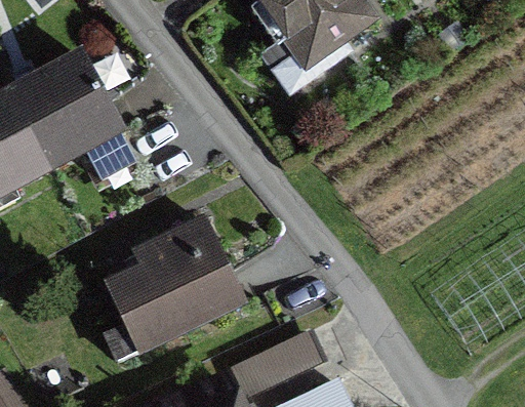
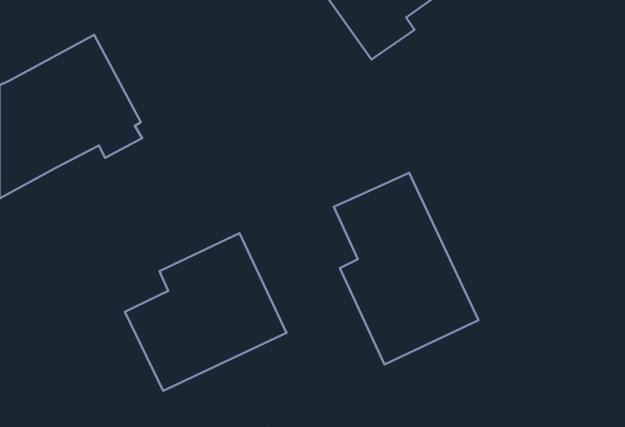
building: none -> [334,173,478,364]

